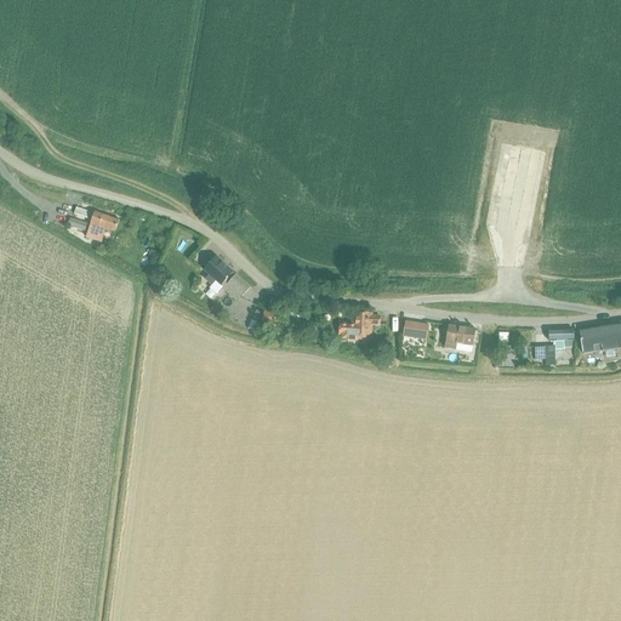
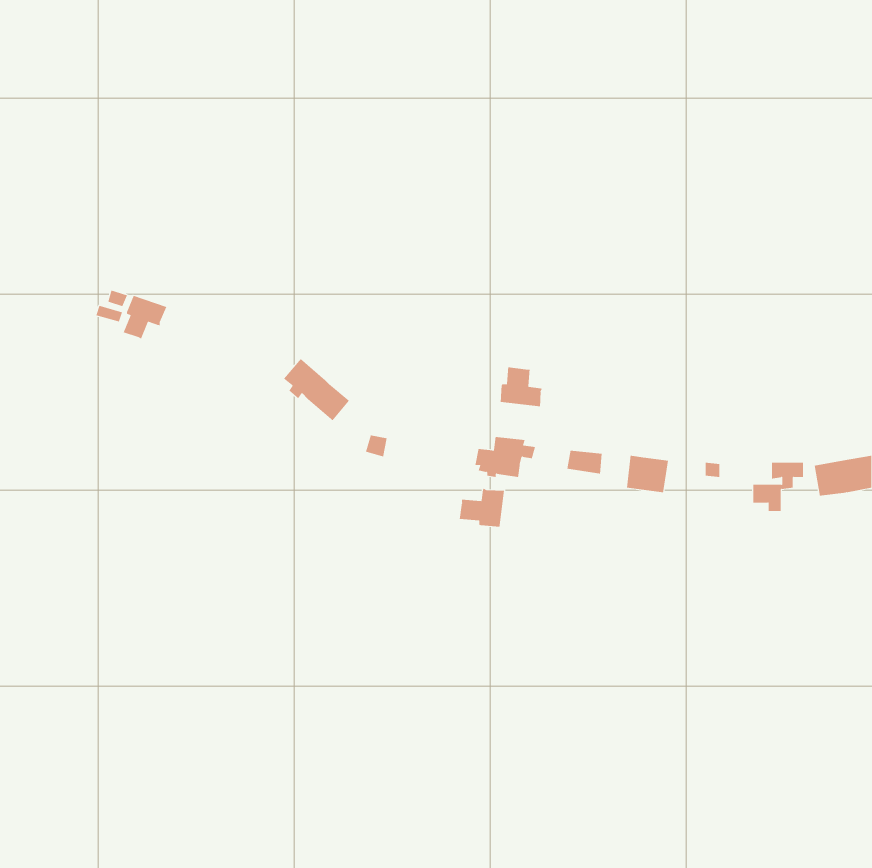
building: none -> [500,366,543,407]
building: none -> [459,488,505,527]

